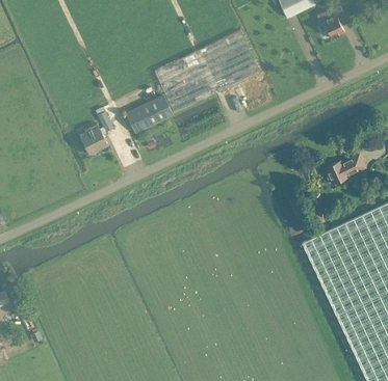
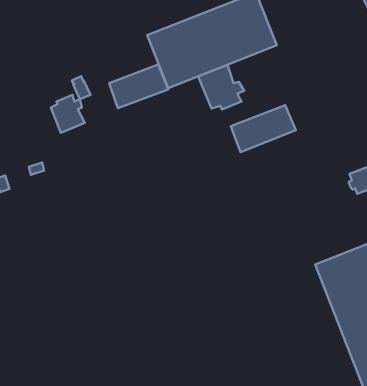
building: none -> [198,65,244,109]
building: none -> [231,105,296,152]

